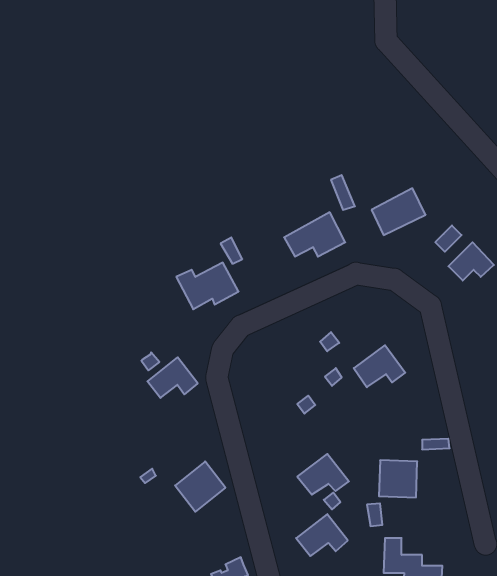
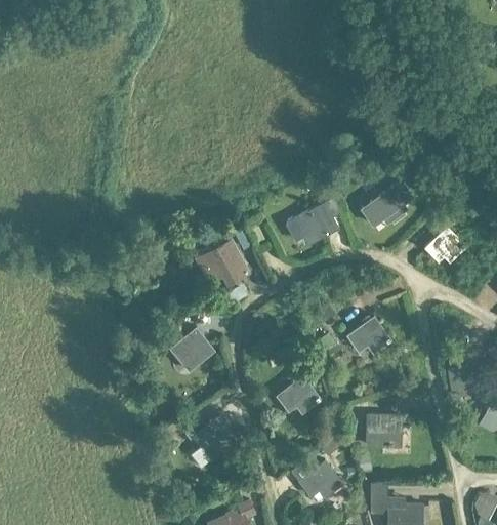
building: [297,454,349,495] -> [276,377,320,412]

